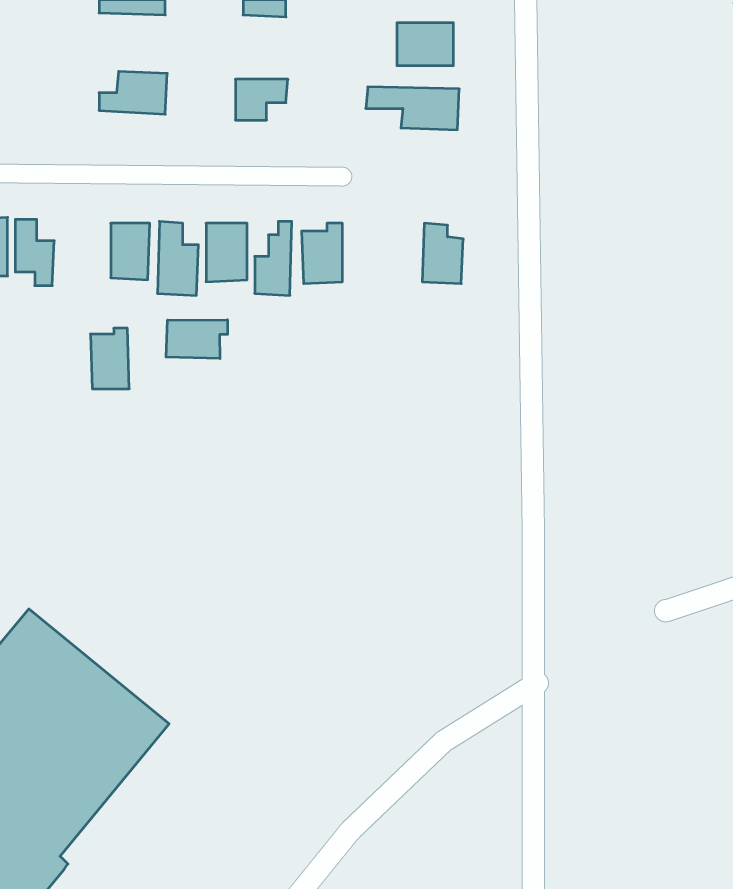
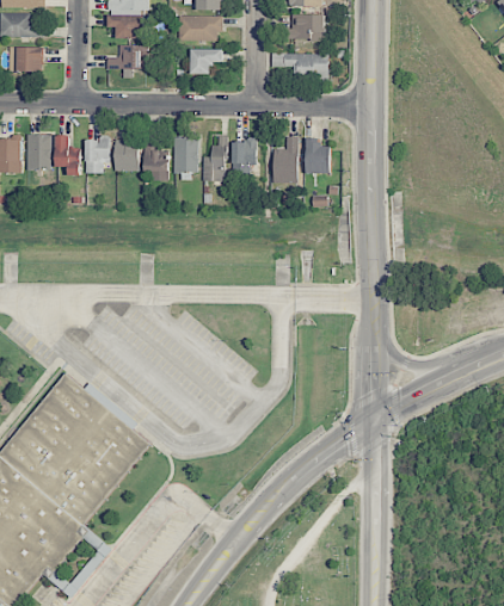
building: none -> [107,16,143,38]
building: none -> [178,16,220,41]
building: none -> [272,136,297,183]
building: [166,320,228,359] -> none
building: [90,328,129,389] -> [85,136,109,173]

